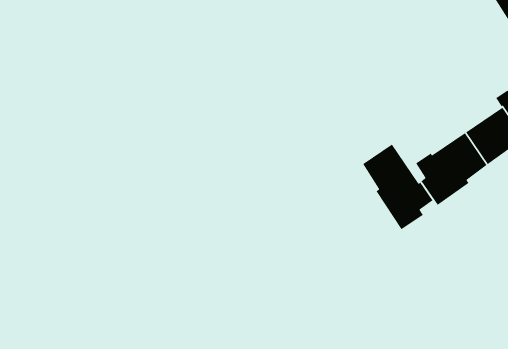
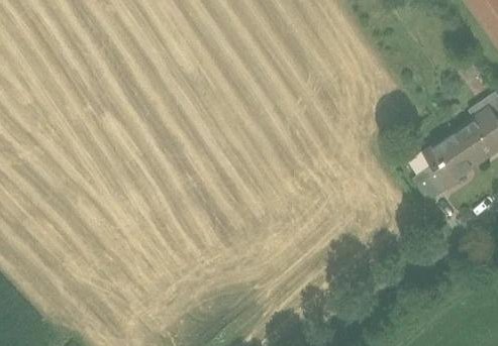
building: [362,143,433,230] -> none

